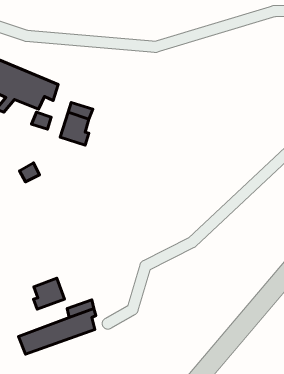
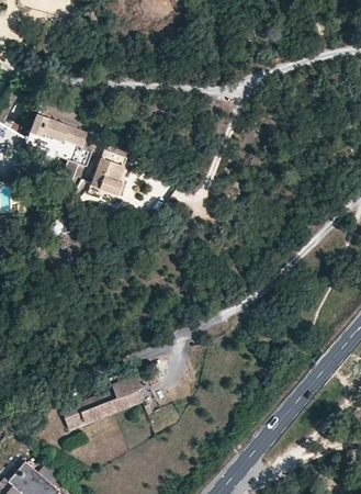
building: [33,278,65,309] -> none

